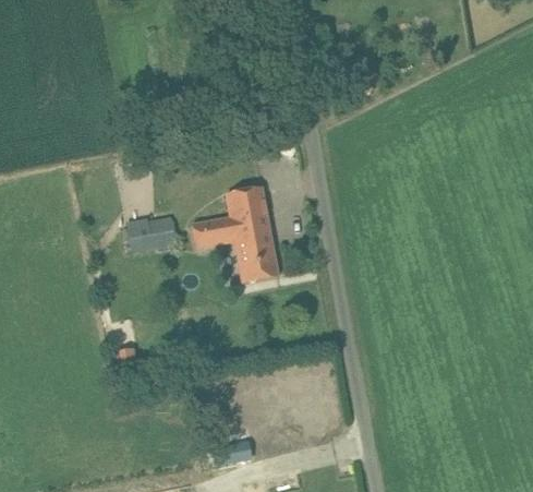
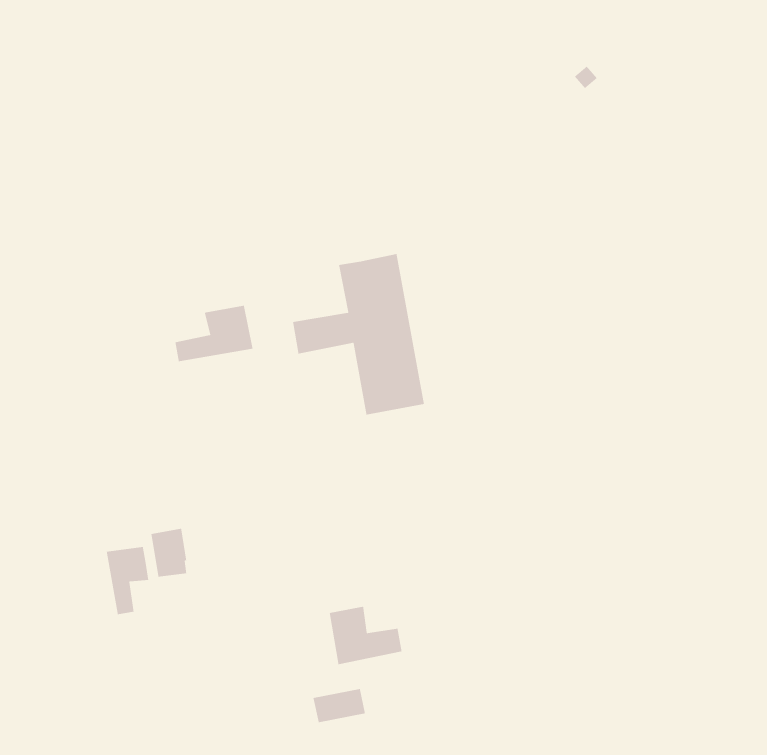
building: none -> [106,546,149,615]
building: none -> [329,606,403,665]

